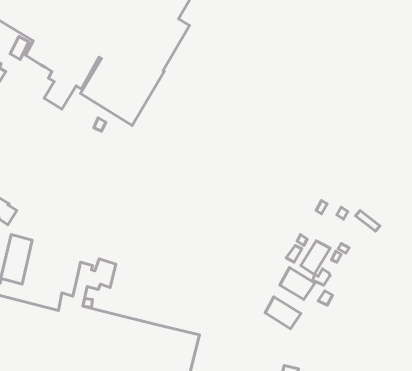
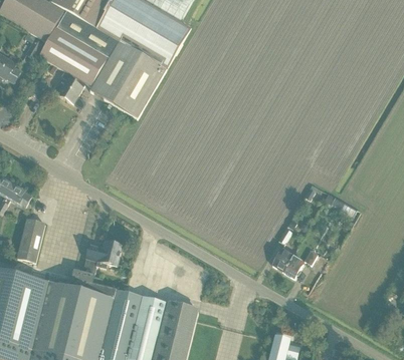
building: [301,241,330,274] -> none
building: [265,297,301,329] -> none

